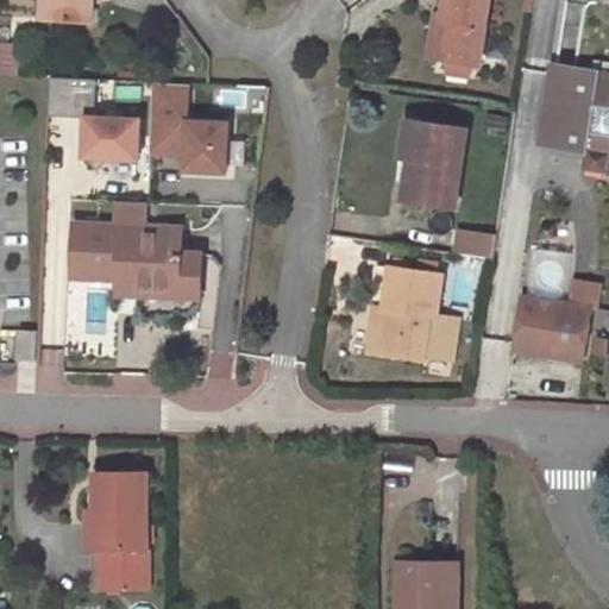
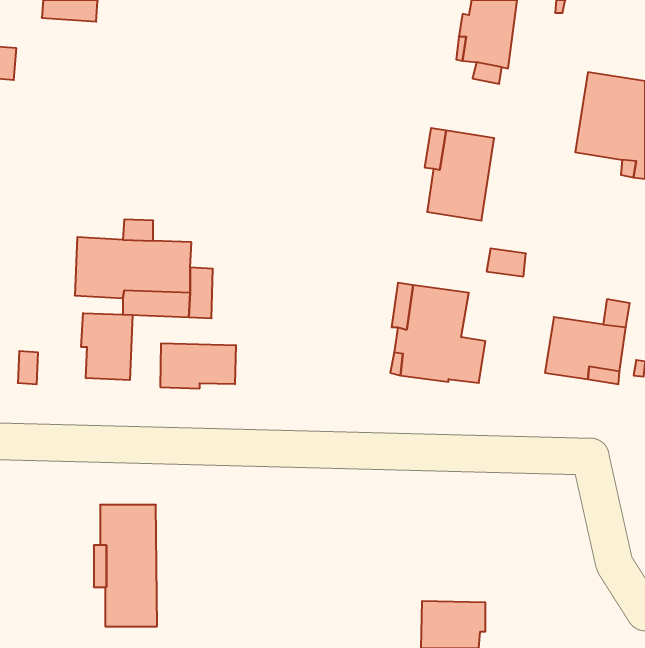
building: [45,77,138,170] -> none
building: [149,82,230,172] -> none
building: none -> [81,313,133,380]
building: none -> [161,343,236,389]

